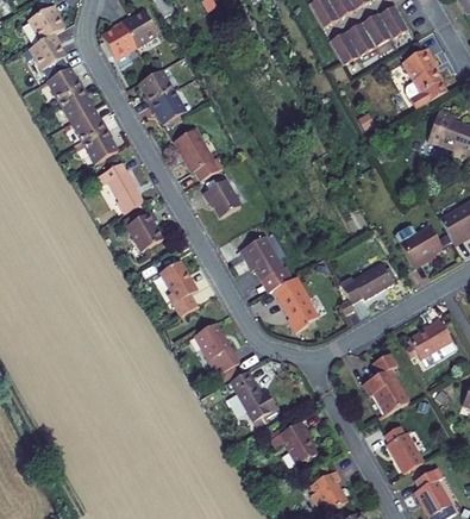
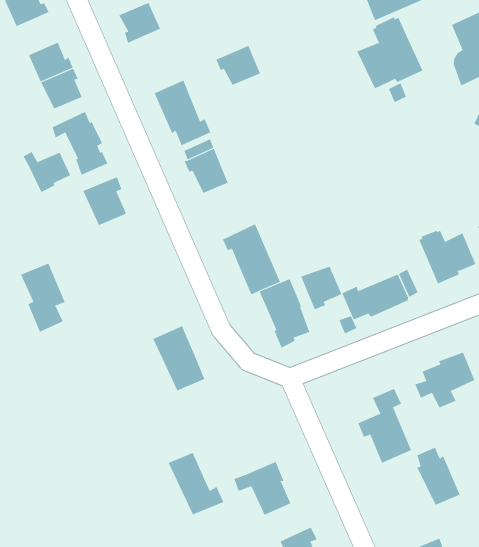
building: none -> [357,16,423,89]
building: [59,87,94,123] -> none
building: [149,90,186,124] -> [216,45,261,86]
building: none -> [23,151,71,193]
building: [159,261,198,317] -> [20,263,65,333]
building: none -> [300,266,342,310]
building: [230,371,277,421] -> [168,452,224,515]
building: [386,426,424,473] -> [416,447,460,506]

